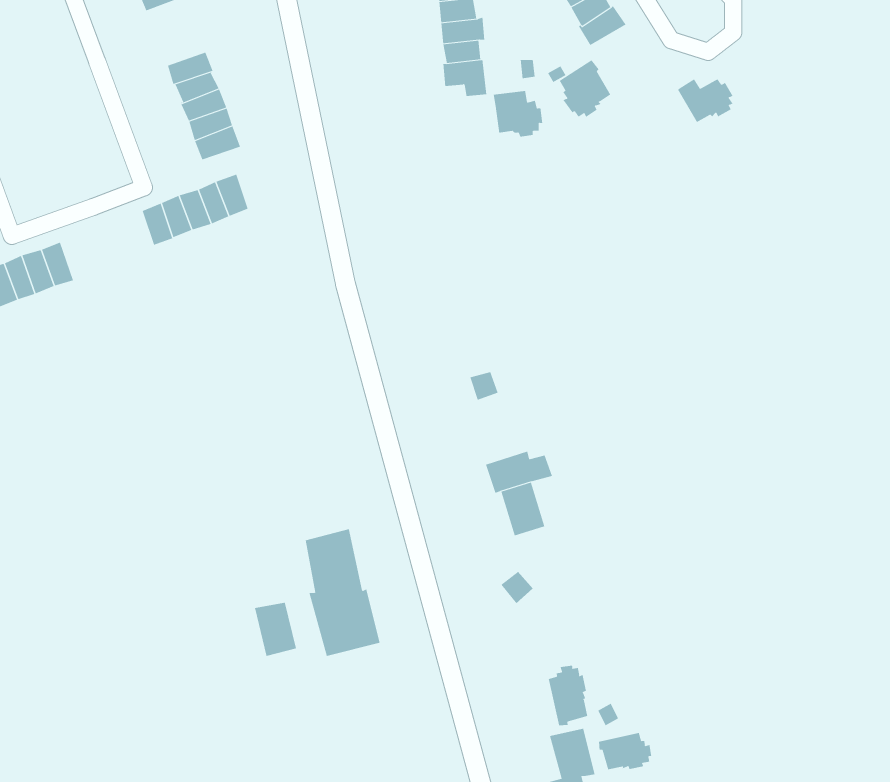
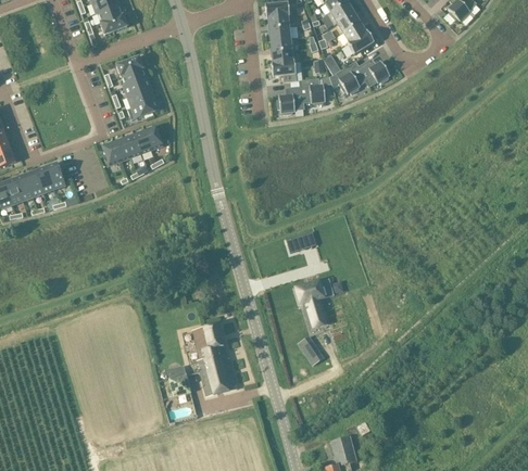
building: [677,78,733,123] -> [357,61,389,86]
building: none -> [276,87,303,114]
building: [548,665,588,726] -> none
building: [598,732,652,770] -> none

